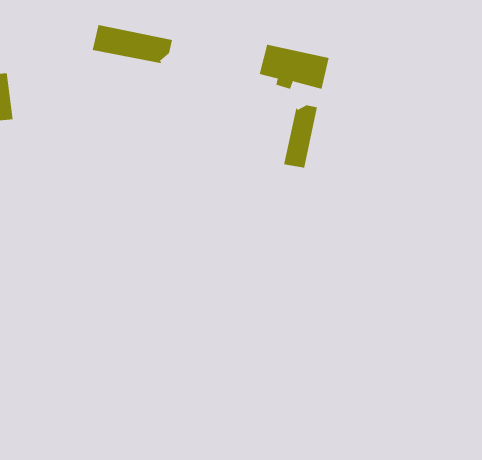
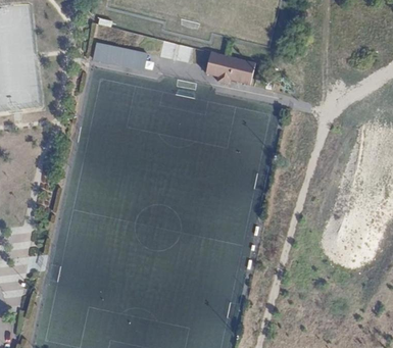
building: [283,105,318,169] -> none

